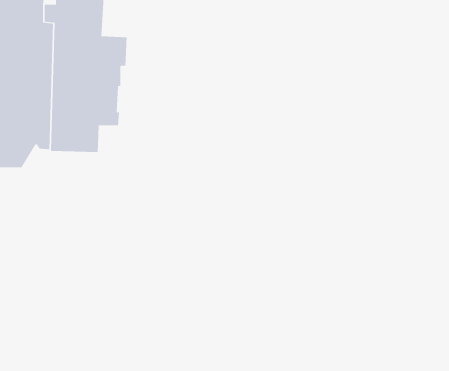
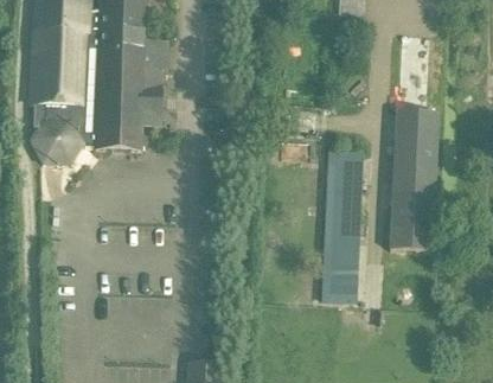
building: none -> [390,109,438,250]
building: none -> [328,151,359,304]

